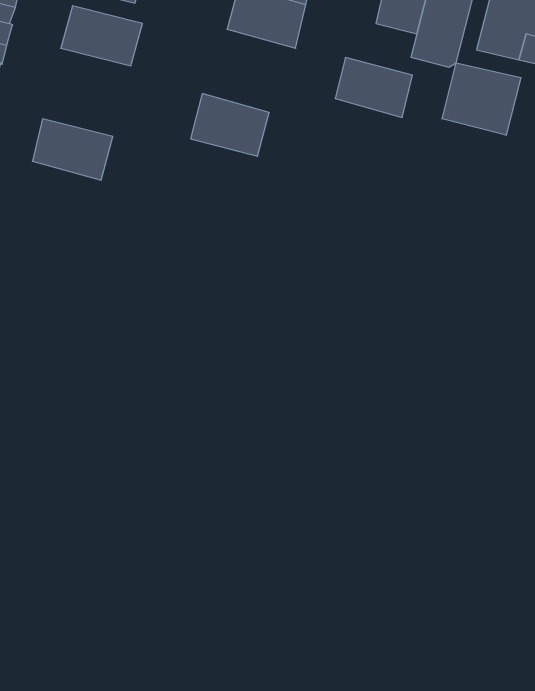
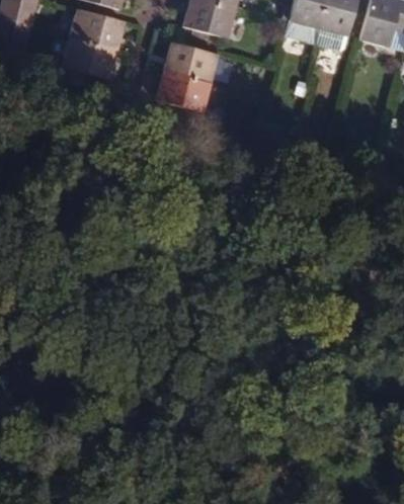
building: [335,58,412,117] -> [167,40,221,82]
building: [442,63,521,135] -> none
building: [32,119,113,180] -> [62,37,117,80]

